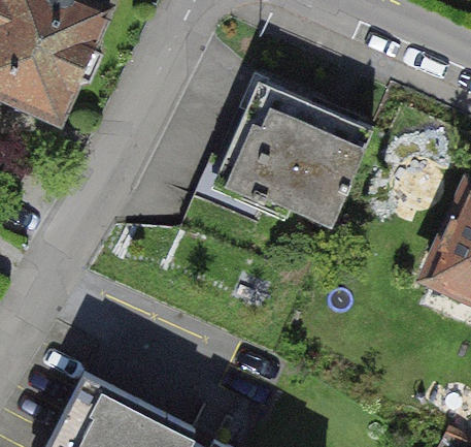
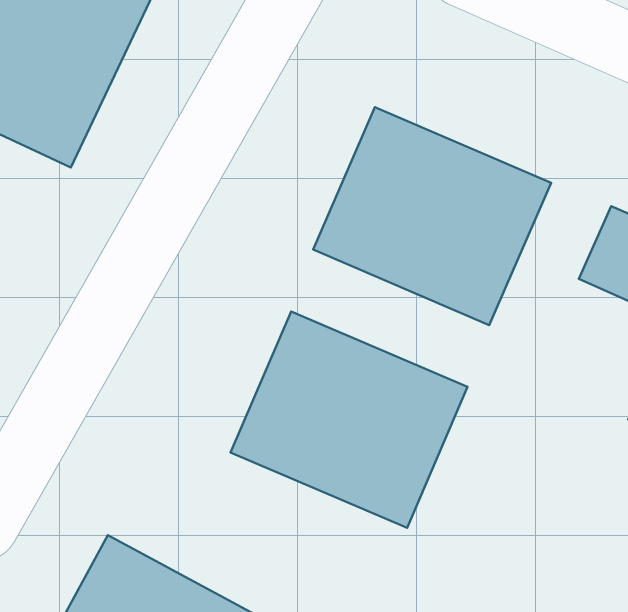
building: none -> [231,311,468,528]

